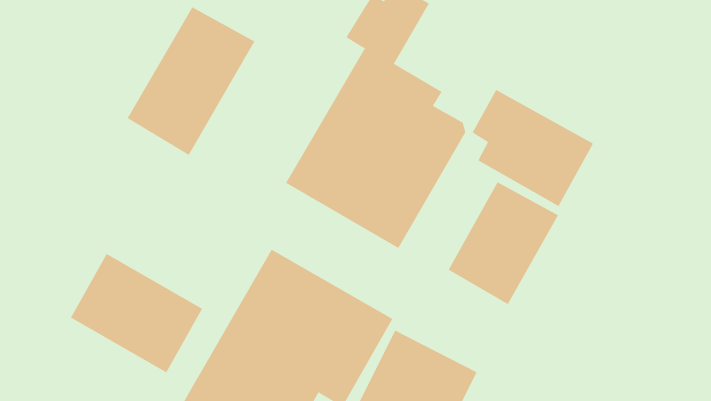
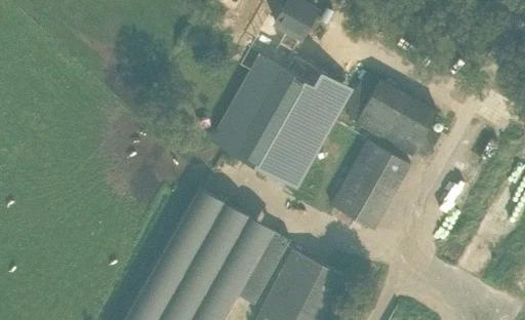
building: [127,6,255,156] -> none
building: [70,253,203,373] -> none

